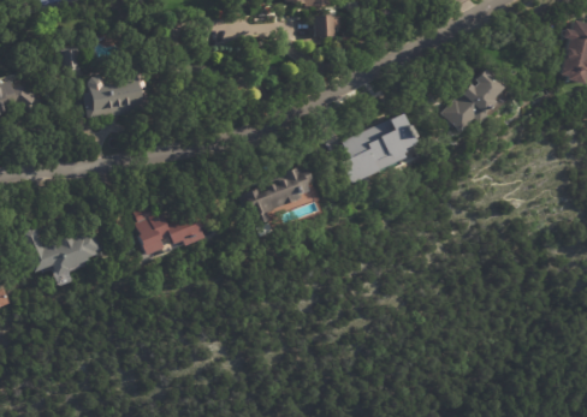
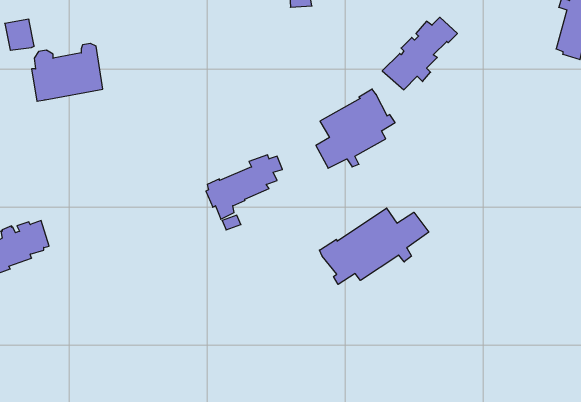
building: [439,67,506,132] -> [382,17,457,90]
building: [138,207,208,256] -> none
building: none -> [319,208,429,284]

